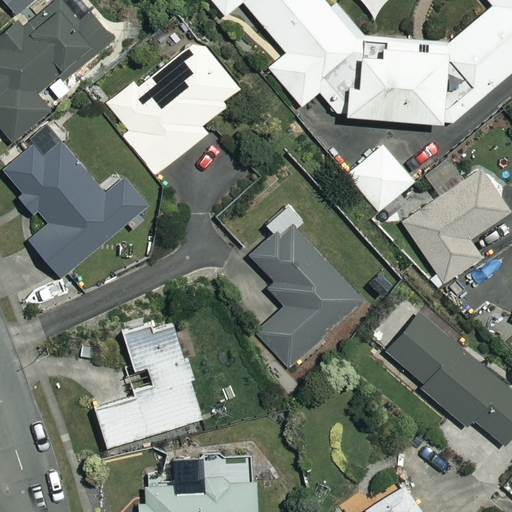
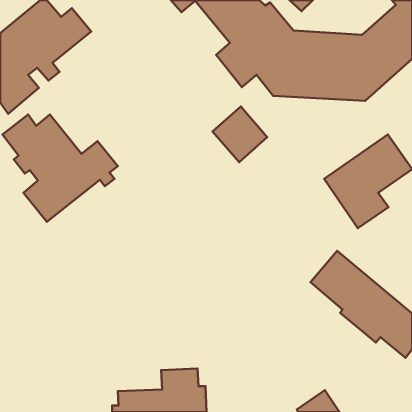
building: [107,40,242,174] -> none
building: [347,143,415,212] -> [213,106,267,162]
building: [250,204,361,366] -> none
building: [94,316,203,448] -> none

